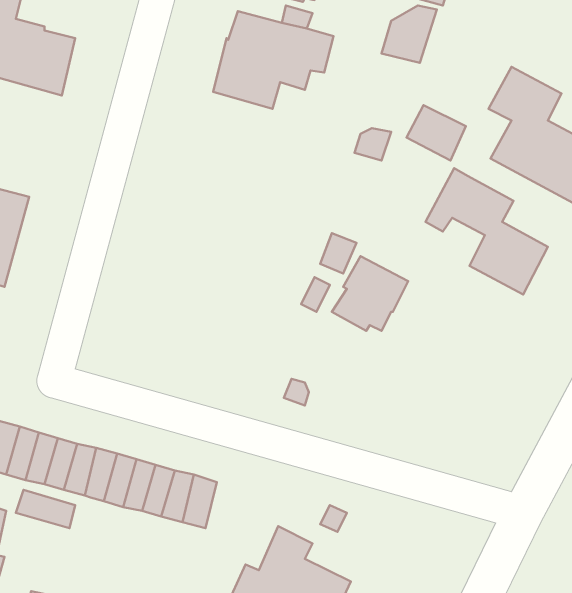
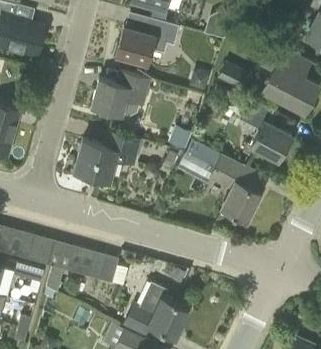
building: none -> [91,71,151,117]
building: none -> [75,130,142,180]
building: none -> [209,155,263,222]

